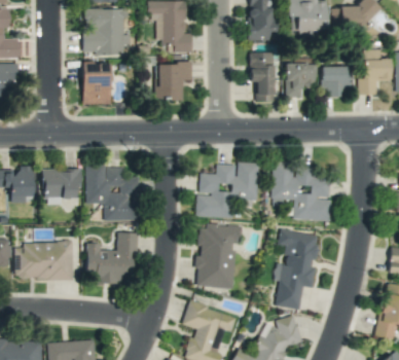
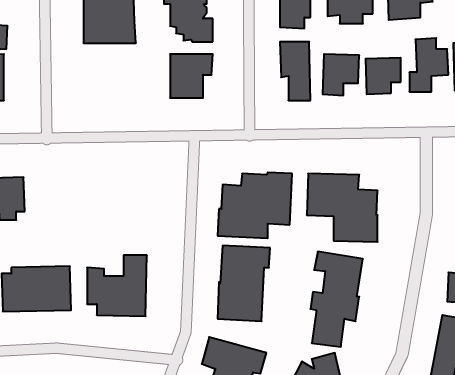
building: [82,62,111,105] -> none
building: [85,165,139,221] -> none
building: [43,168,81,199] -> none

